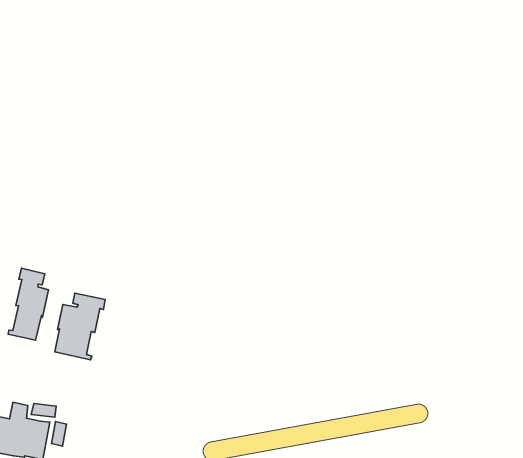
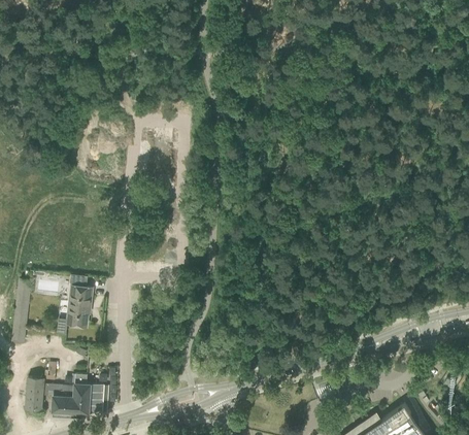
building: [55,293,105,360] -> none

